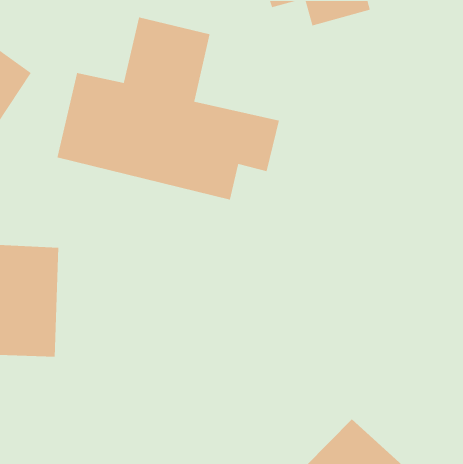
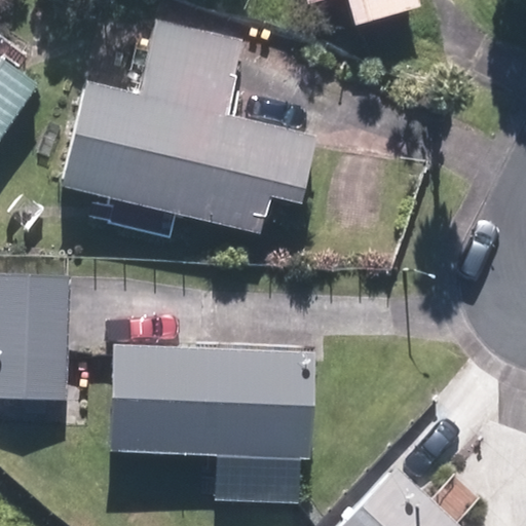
building: none -> [113,347,310,447]

